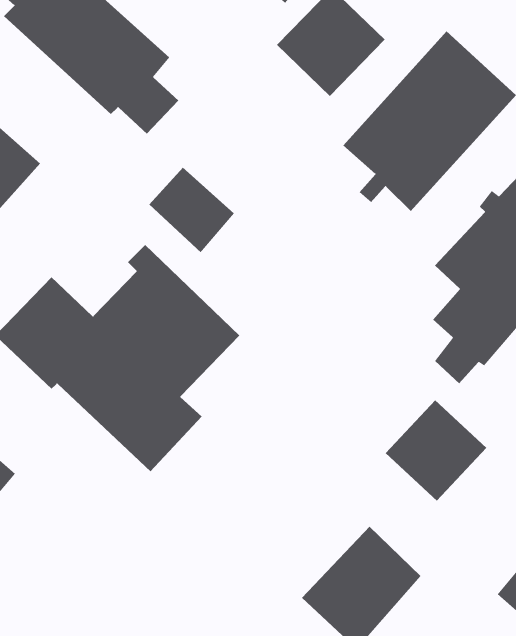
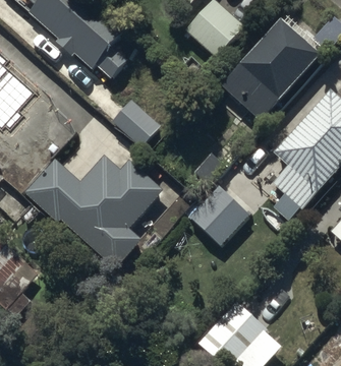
building: [385,399,487,502] -> [190,179,248,237]

